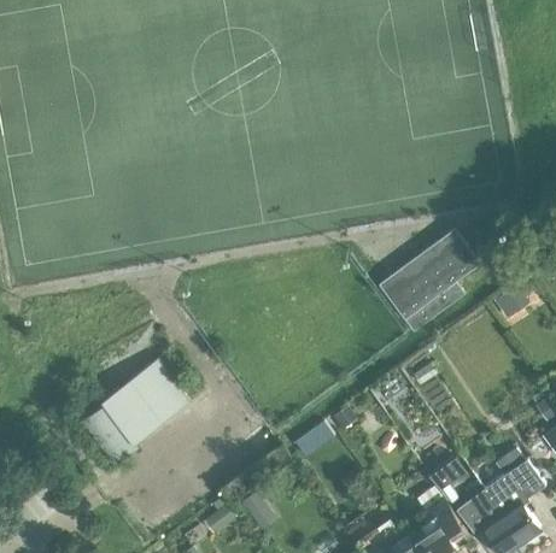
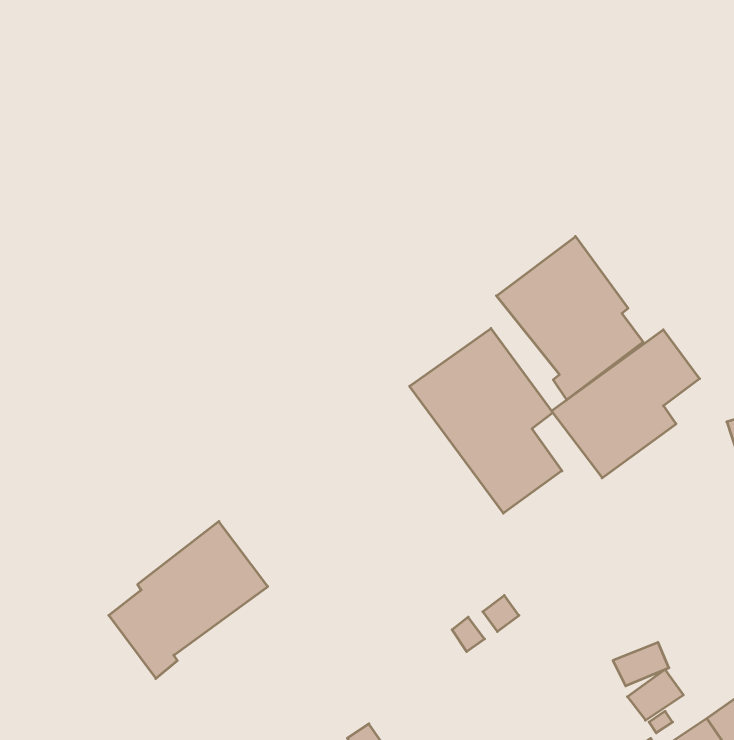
building: none -> [496,236,643,400]
building: none -> [410,328,562,513]

